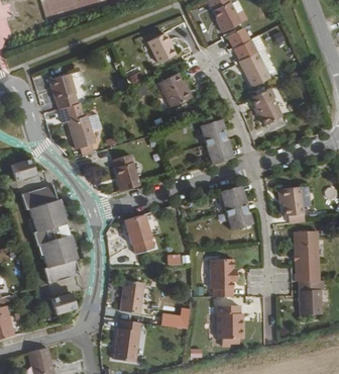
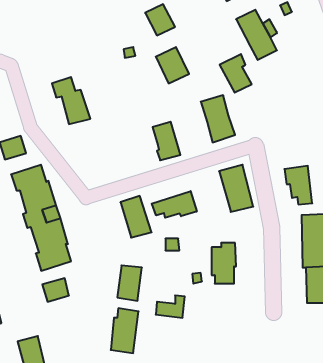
building: [49,73,78,108] -> none
building: [251,87,281,123] -> [220,54,252,93]
building: [113,154,139,190] -> [153,122,180,160]
building: none -> [152,191,197,218]
building: [218,306,240,340] -> none

